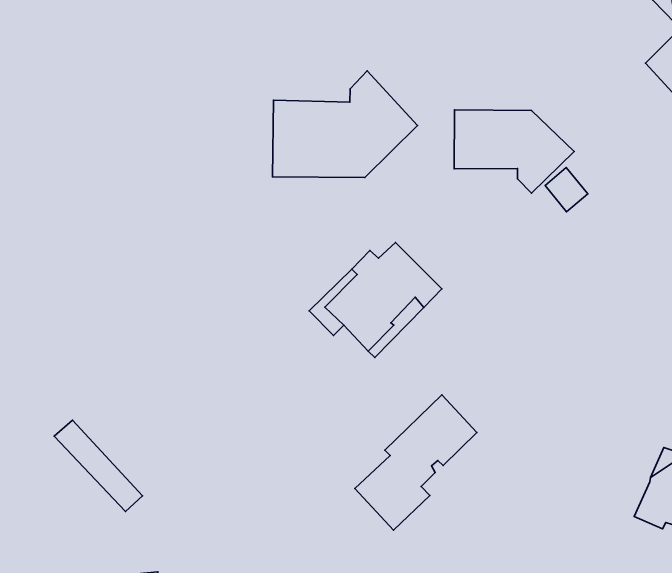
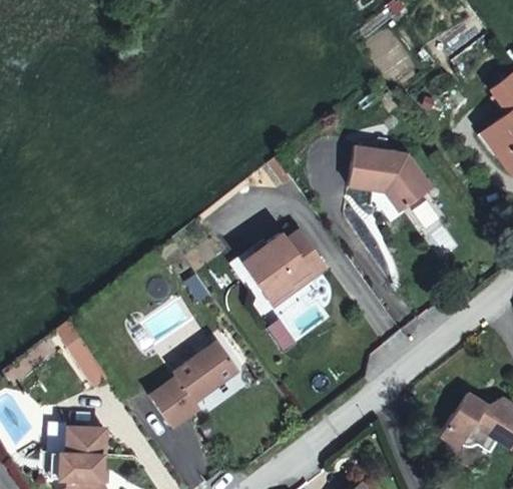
building: [273,71,417,178] -> none
building: [355,395,477,530] -> [151,339,239,426]

